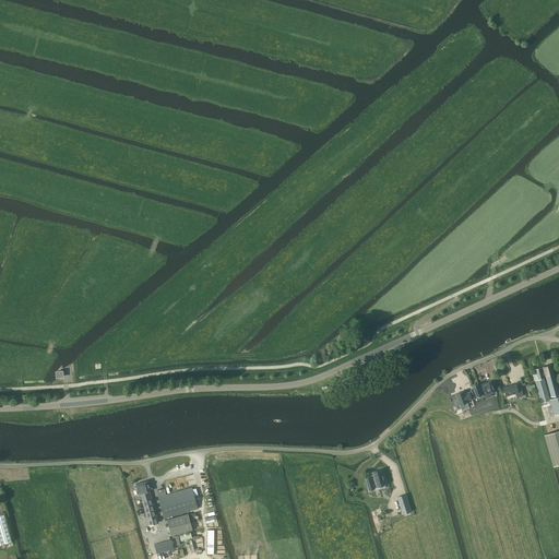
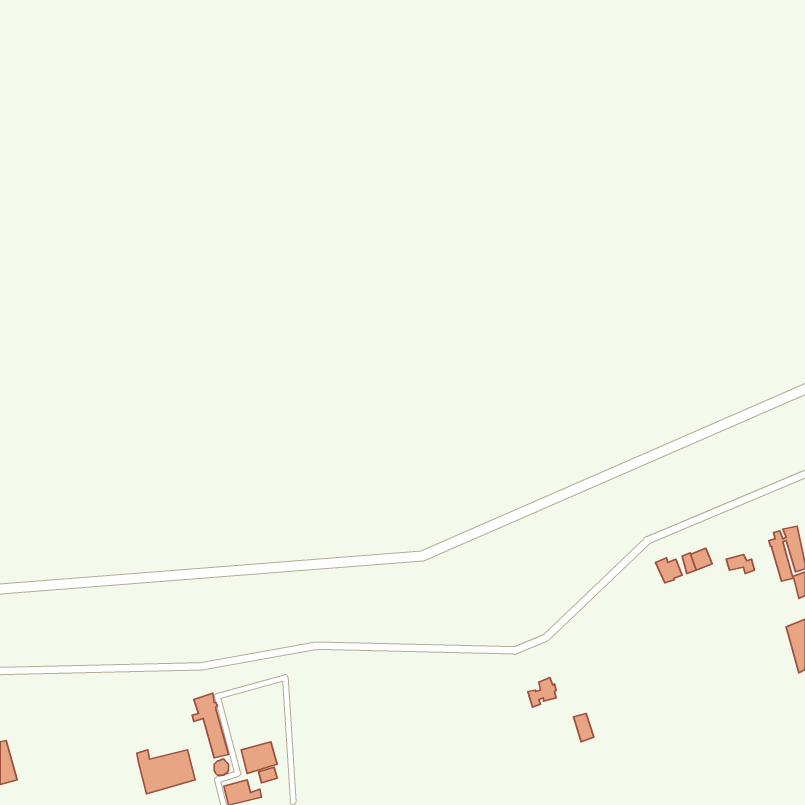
building: [157,488,198,519] -> [137,750,195,794]

